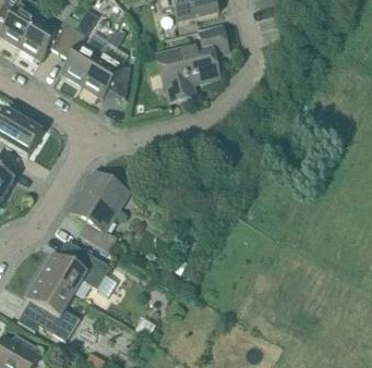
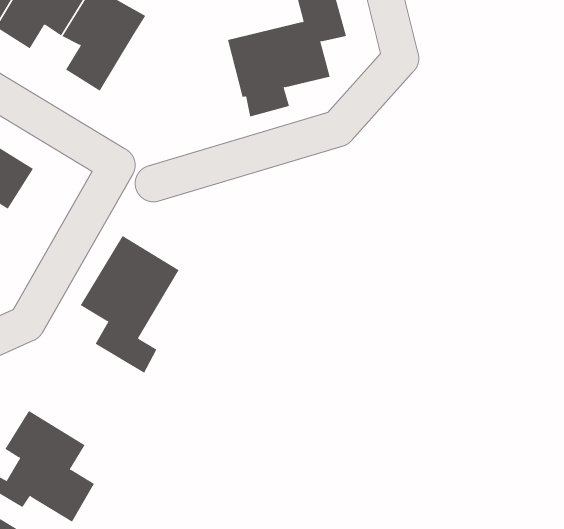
building: [82,52,130,98] -> none
building: [39,238,110,294] -> none

